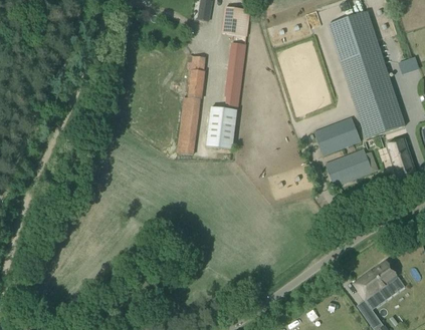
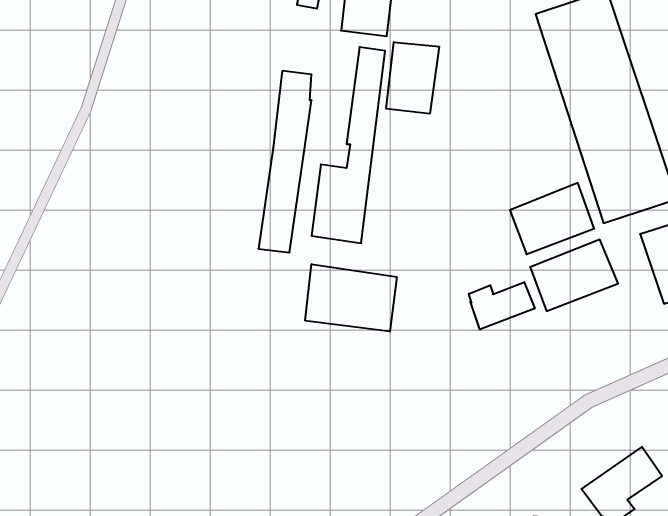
building: none -> [386,42,439,114]
building: none -> [305,264,397,332]
building: none -> [469,282,535,330]

